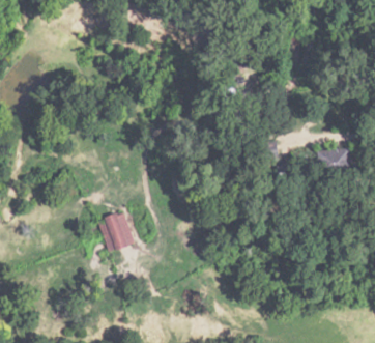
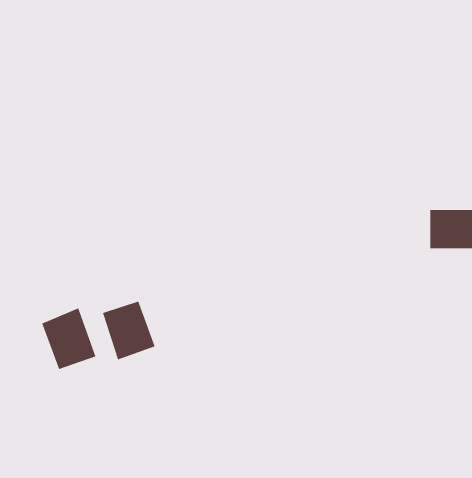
building: none -> [41,307,96,370]

